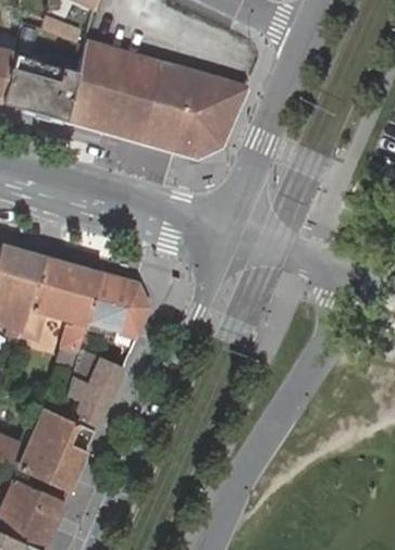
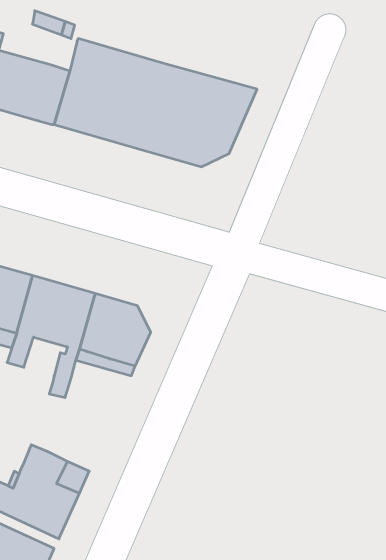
building: [66,349,124,428] -> none

